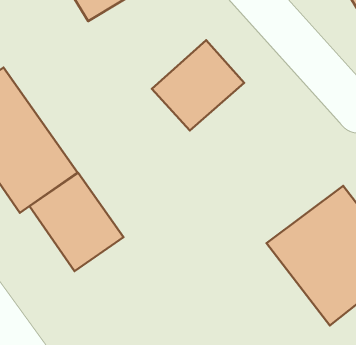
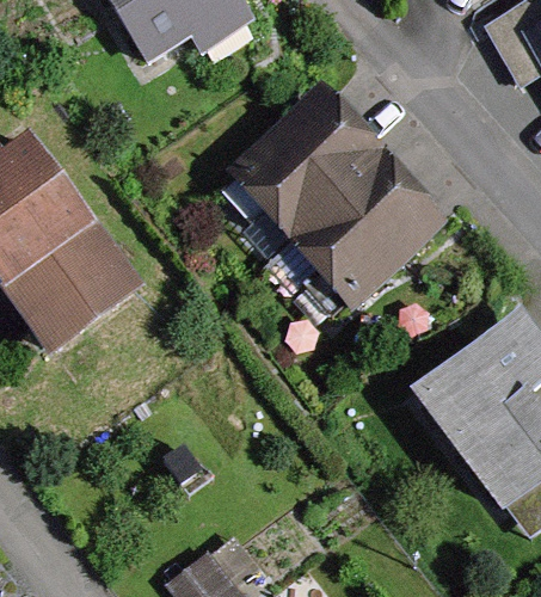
building: none -> [299,158,432,289]
building: [29,173,123,271] -> none

